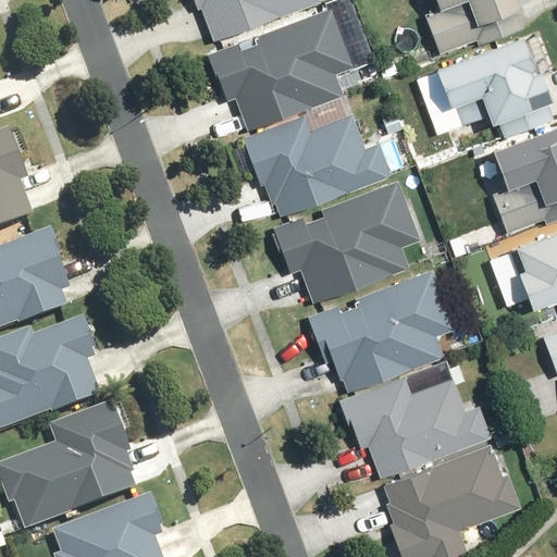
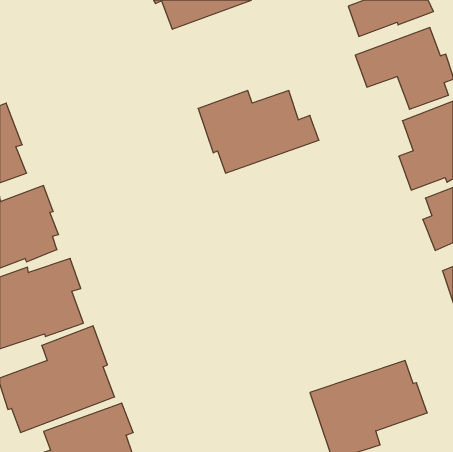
building: [208,7,354,129] -> none
building: [274,182,418,301] -> none
building: [309,270,454,391] -> none
building: [339,374,488,475] -> none

